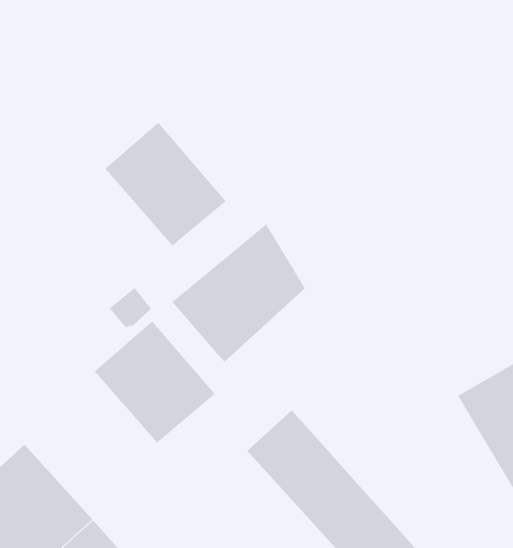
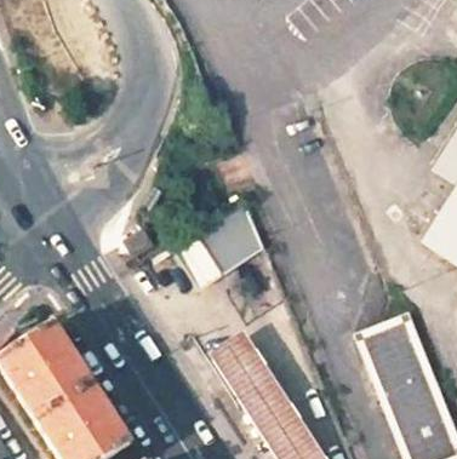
building: [104,122,226,247] -> none
building: [94,321,215,443] -> none

